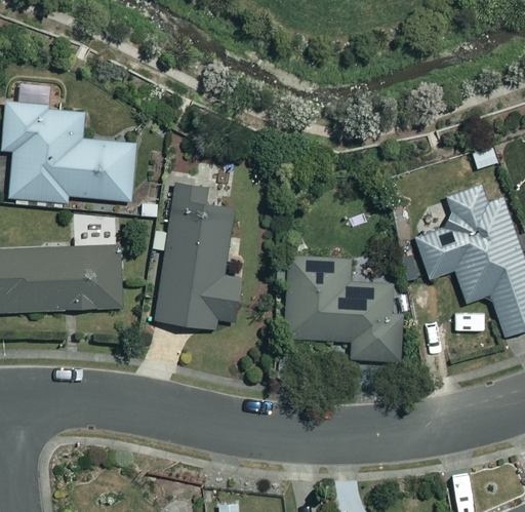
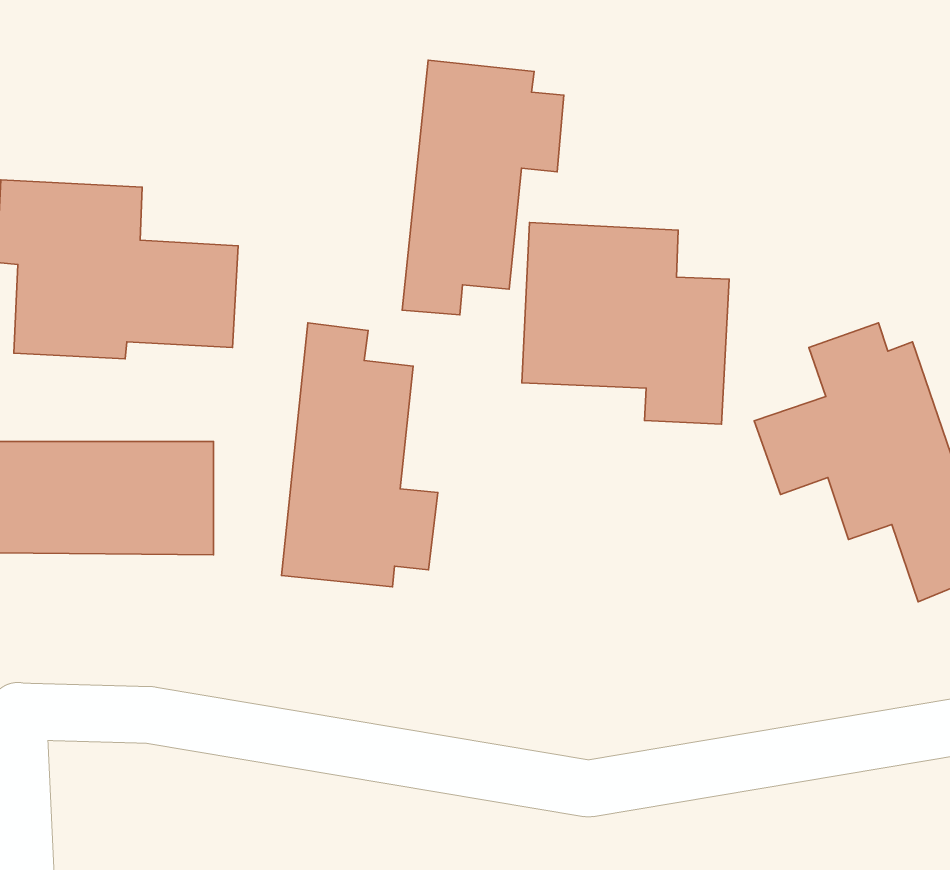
building: none -> [402,60,564,315]
building: [283,250,396,360] -> [522,223,729,424]

